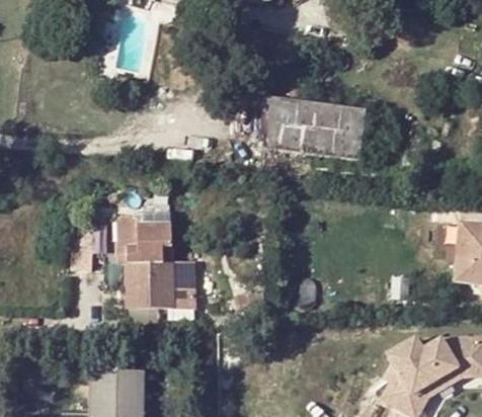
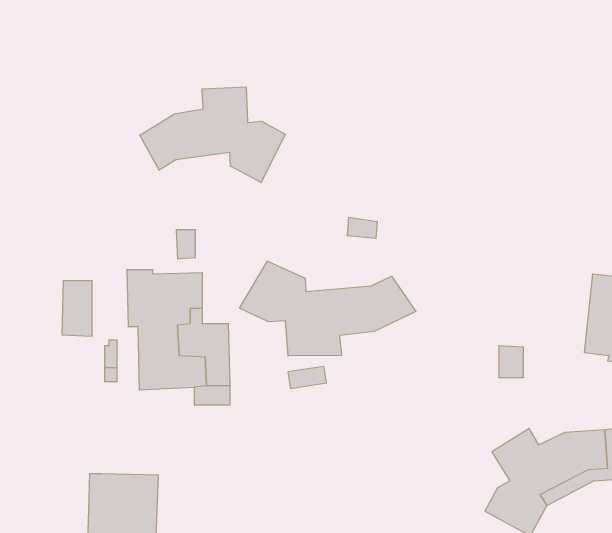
building: none -> [140,87,285,183]
building: [260,95,367,157] -> none
building: none -> [240,261,416,356]

